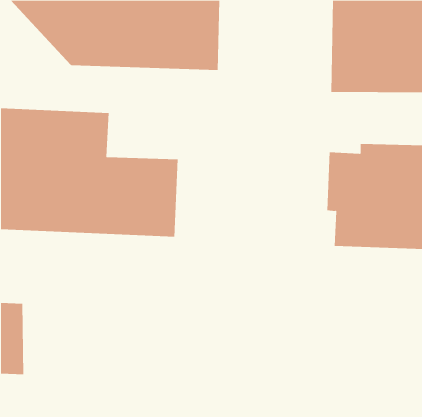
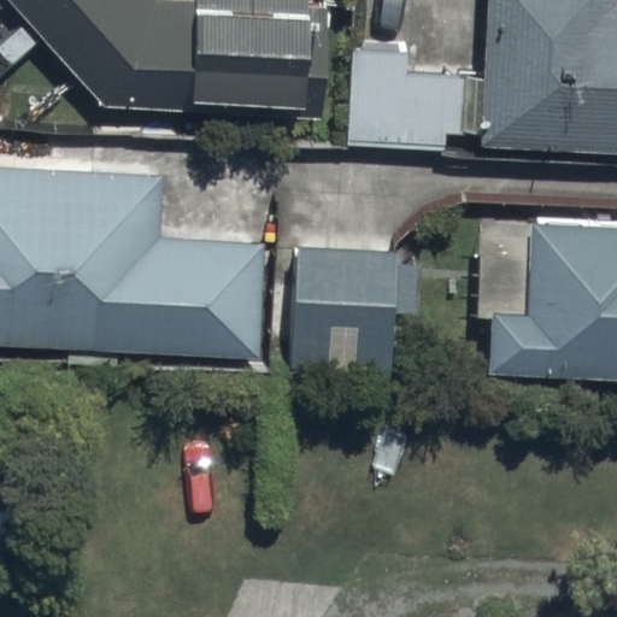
building: none -> [349,49,465,149]
building: none -> [272,243,418,374]

